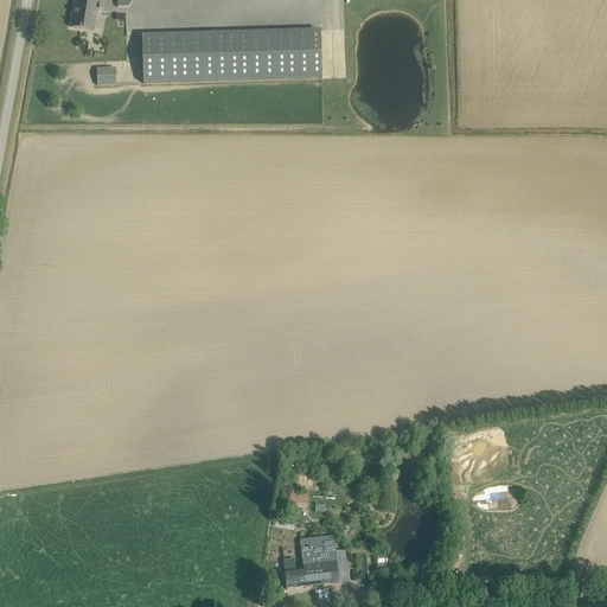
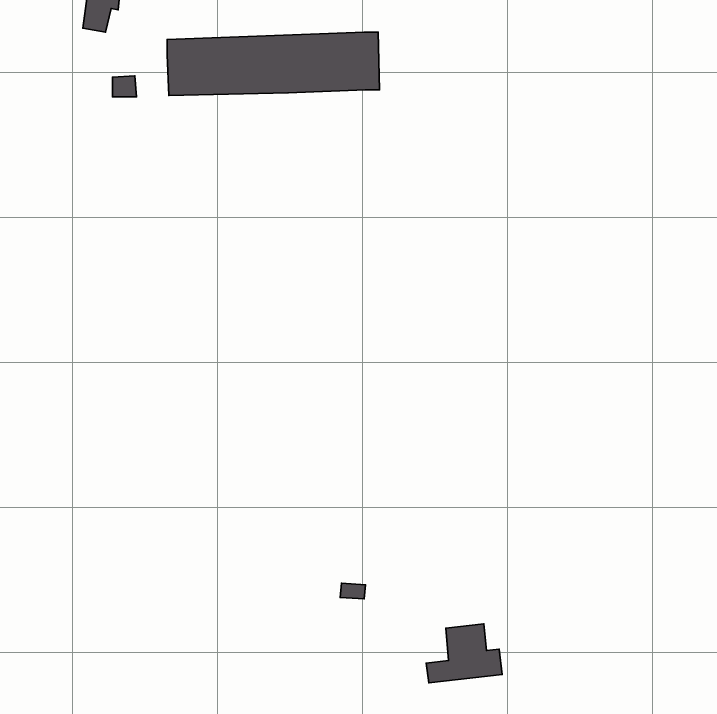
building: [283,536,347,586] -> [426,624,502,683]

